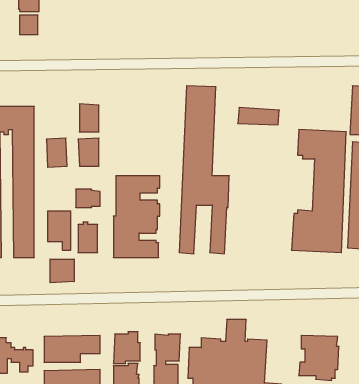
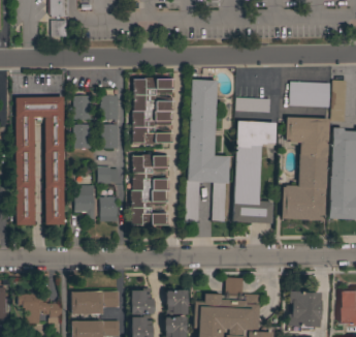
building: none -> [133,78,175,145]
building: none -> [290,82,331,109]
building: none -> [74,96,92,119]
building: none -> [233,121,277,224]
building: [50,259,74,283] -> none

